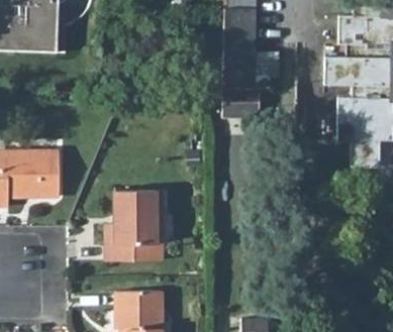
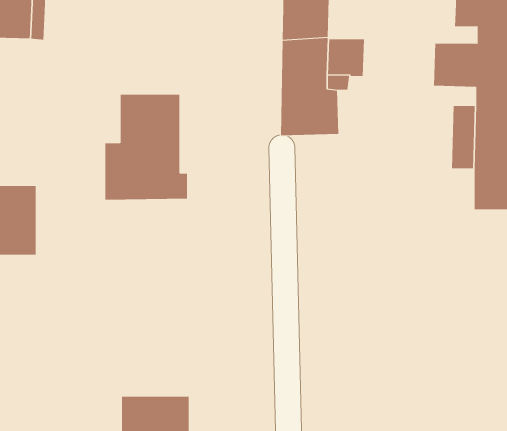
building: [106,192,162,262] -> [105,94,188,200]

